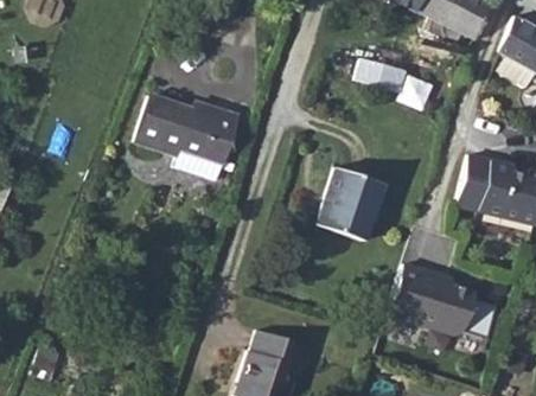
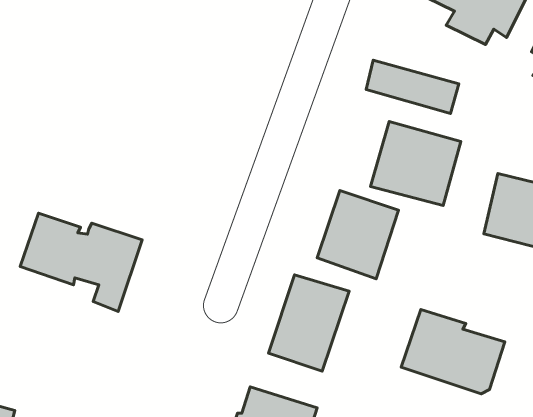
building: [135,94,238,177] -> [20,213,142,311]
building: none -> [370,121,461,205]
building: none -> [268,275,349,371]

